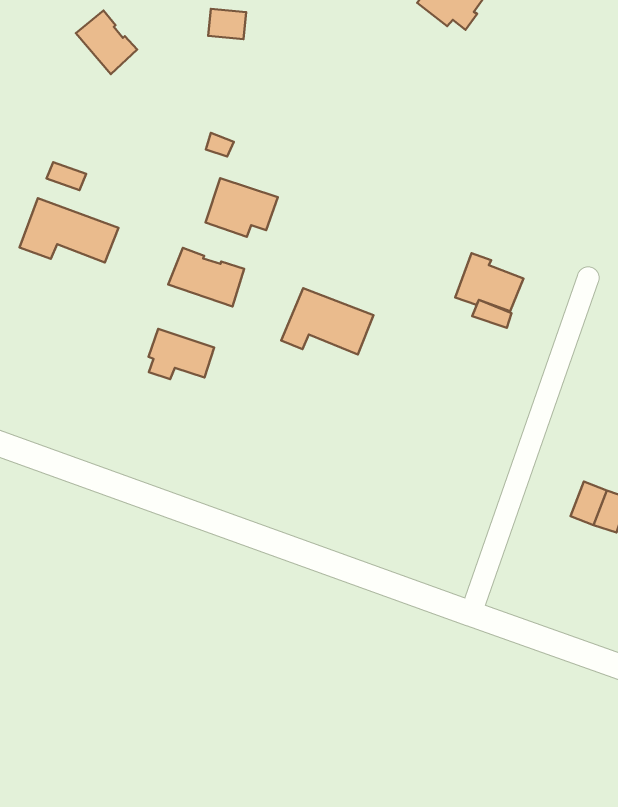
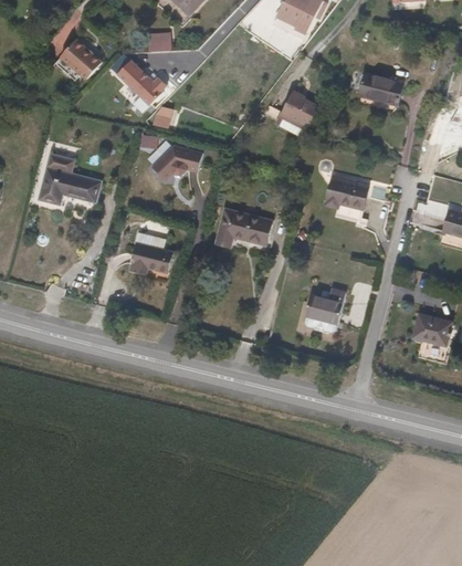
building: none -> [117,61,167,105]
building: none -> [360,75,407,115]
building: none -> [283,91,321,126]
building: [168,248,244,306] -> none
building: none -> [300,294,338,323]

